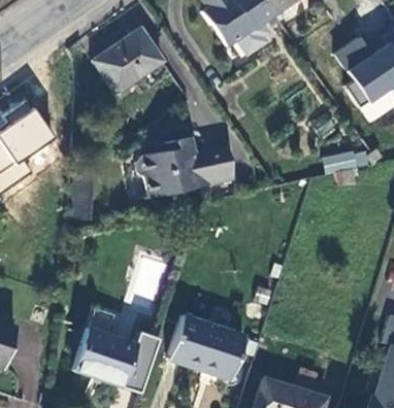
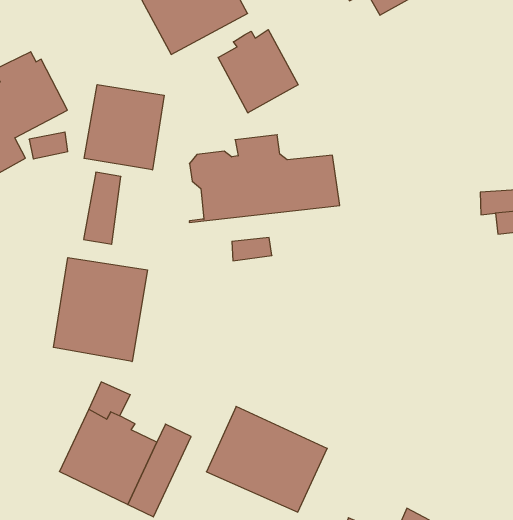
building: none -> [218,30,298,113]
building: none -> [84,85,164,170]
building: none -> [53,258,147,362]

